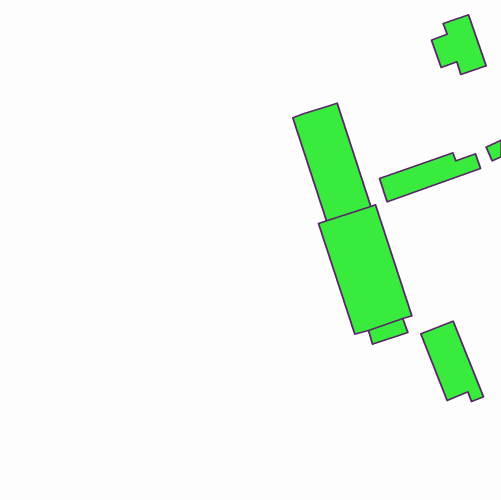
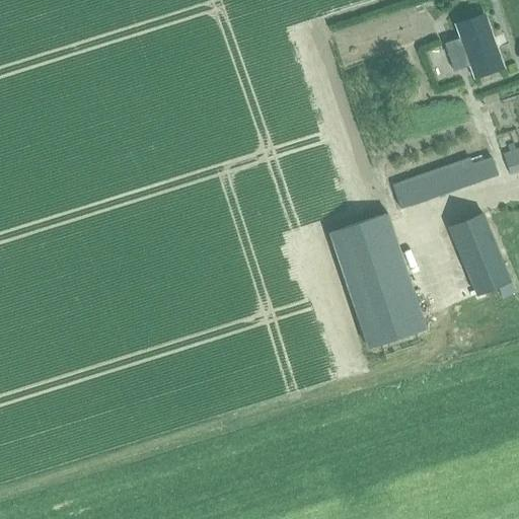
building: [293,103,371,221] -> none
building: [421,321,483,402] -> [449,214,514,297]

